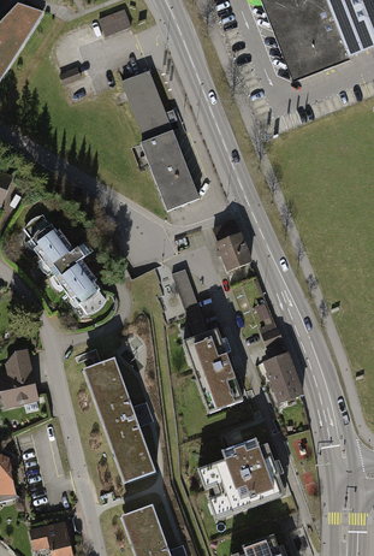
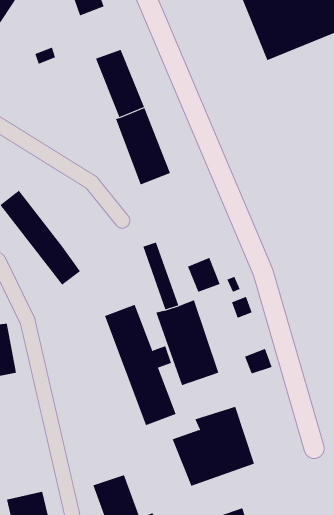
building: [214,232,248,268] -> [187,257,220,293]
building: [263,353,292,383] -> none
building: [79,359,153,483] -> [104,304,176,426]

